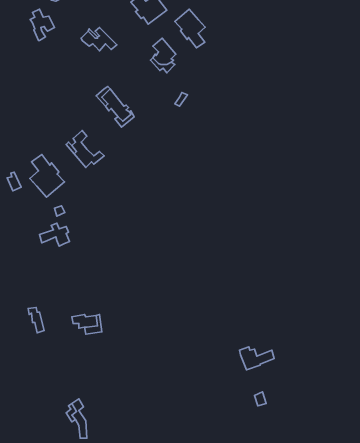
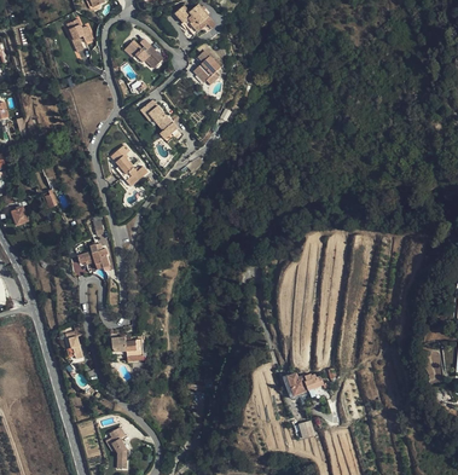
building: [175,9,205,48] -> none
building: [30,154,64,197] -> none

